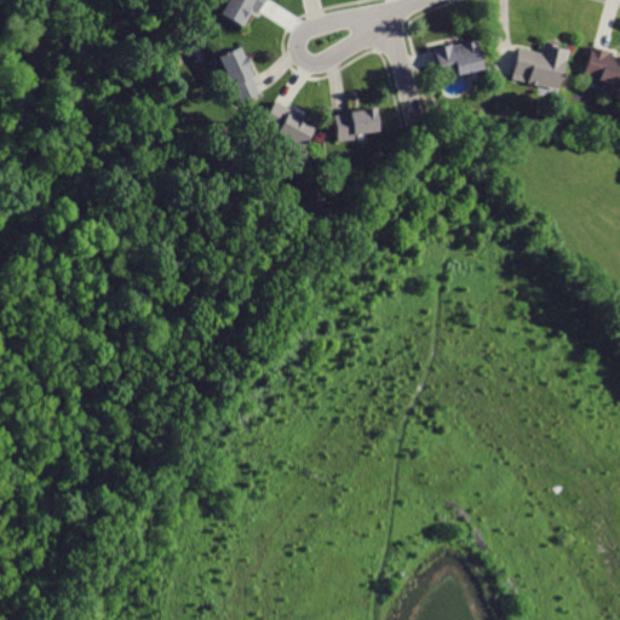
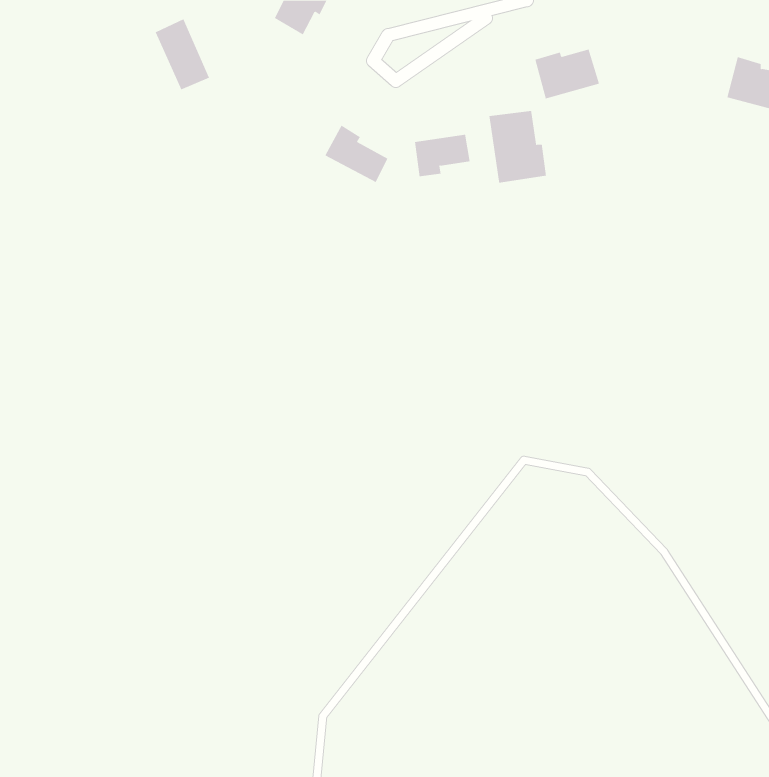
building: [516,45,569,87] -> none
building: [219,46,263,103] -> [155,18,210,90]
building: none -> [489,110,547,184]

